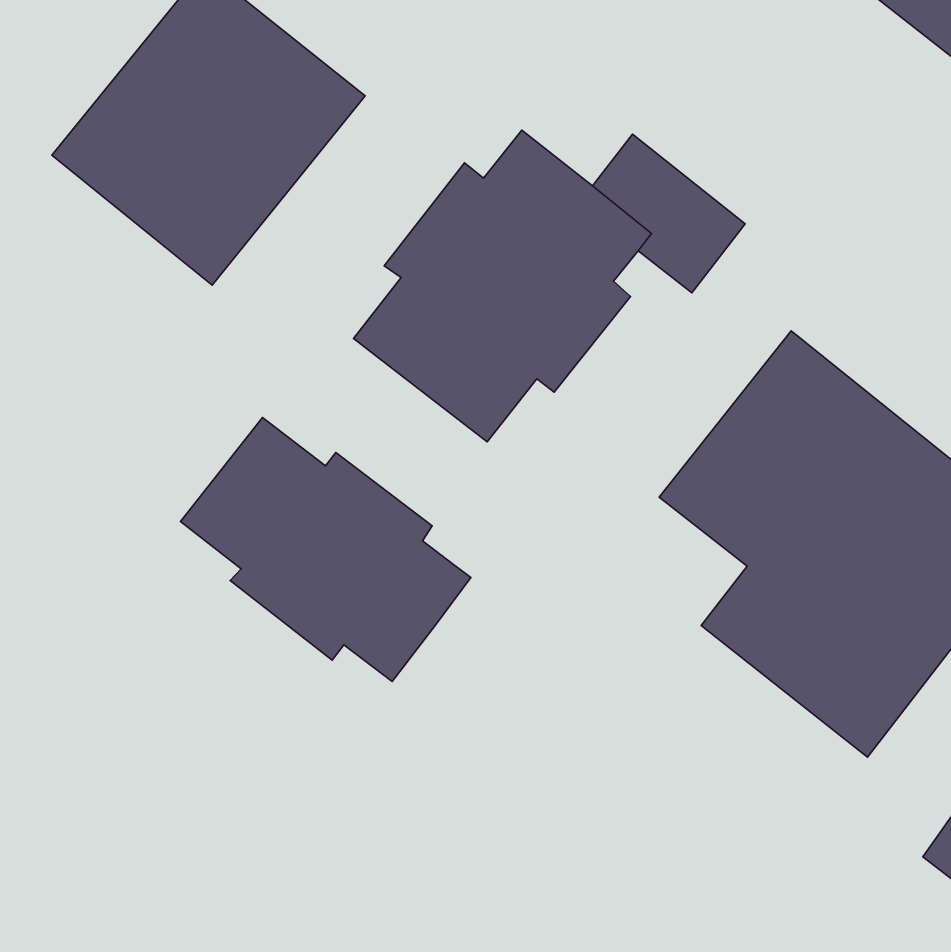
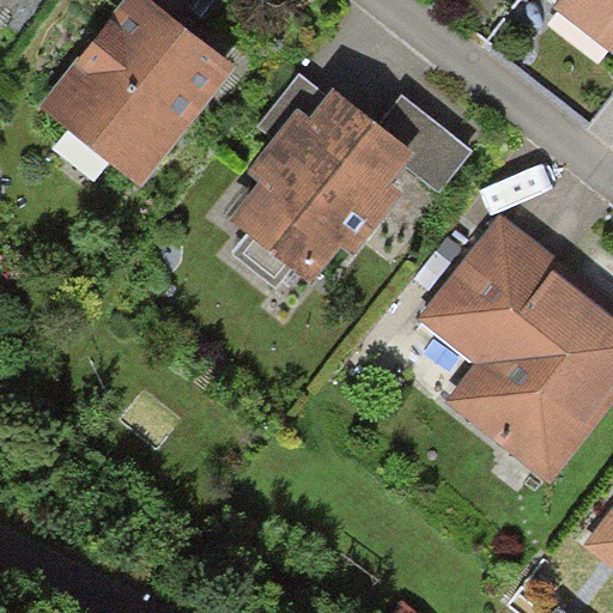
building: [180,417,471,681] -> none

